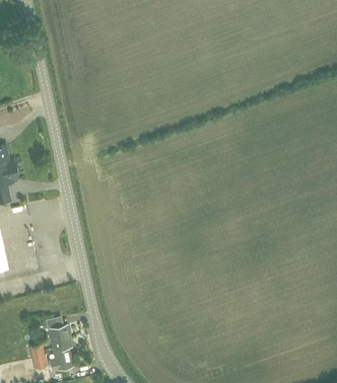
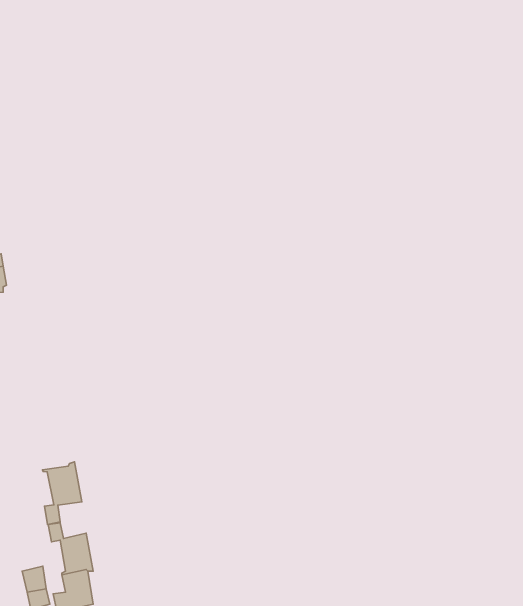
building: none -> [43,462,82,525]

